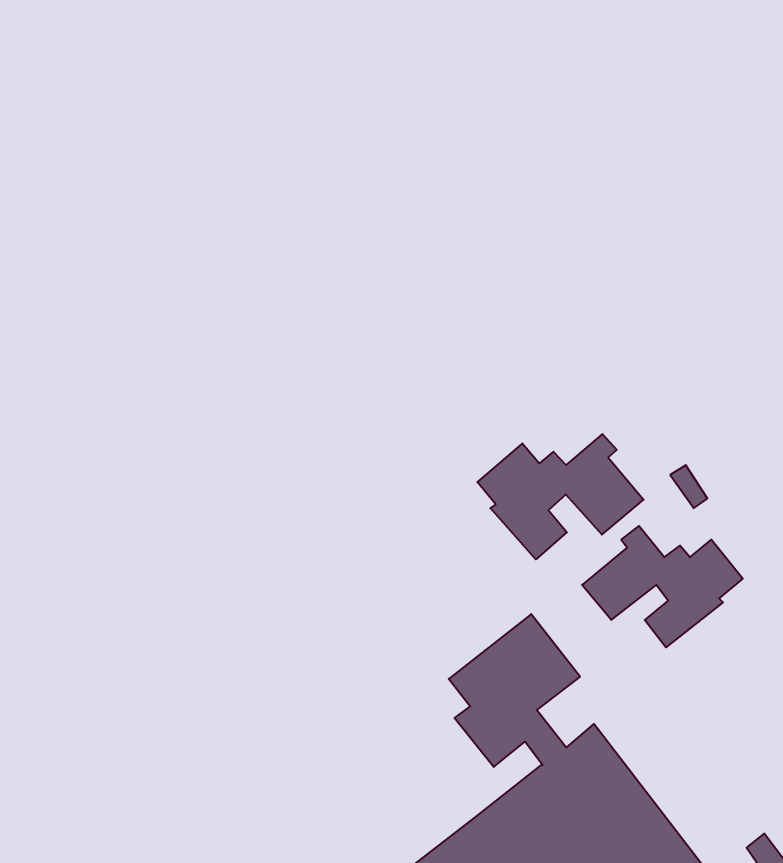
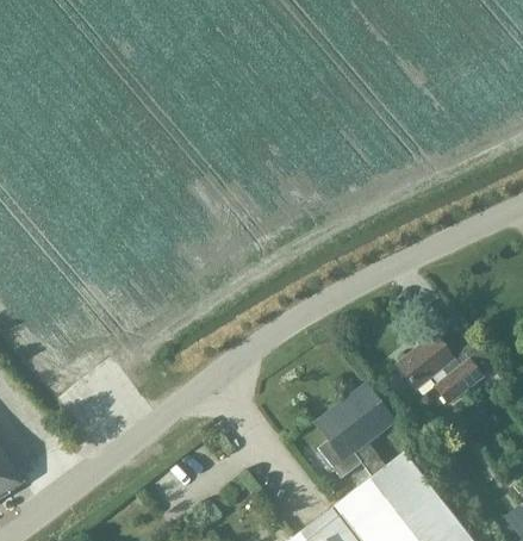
building: [477,434,644,559] -> none

